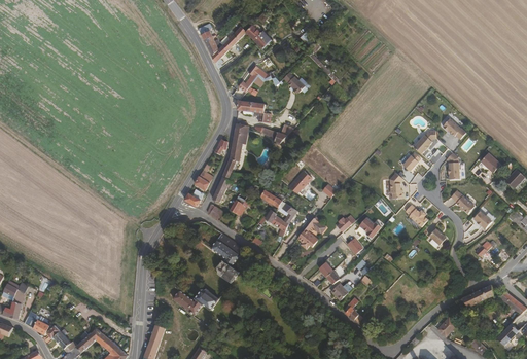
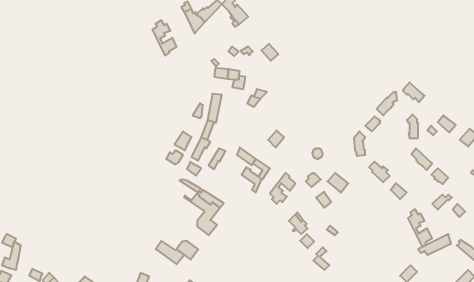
building: none -> [153,20,176,56]
building: none -> [408,209,432,247]

